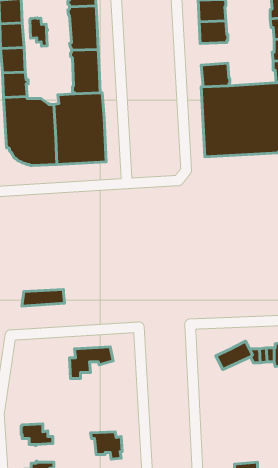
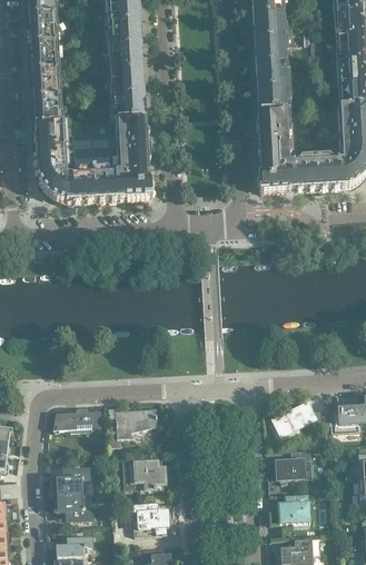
building: [30,18,47,46] -> none
building: none -> [256,62,287,88]
building: [22,289,64,306] -> [53,409,101,428]
building: none -> [276,448,309,482]
building: none -> [122,455,168,490]
building: none -> [53,468,88,494]
building: none -> [278,494,310,524]

